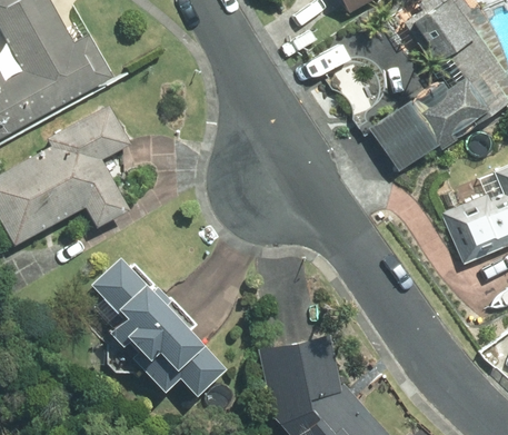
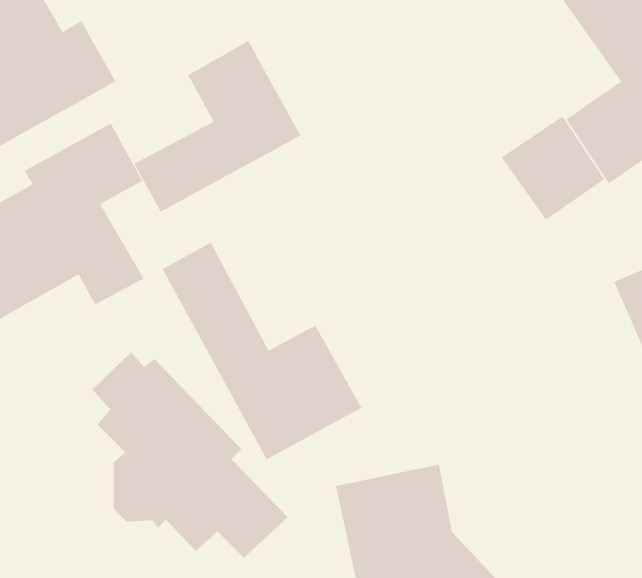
building: none -> [133,40,301,213]
building: none -> [162,242,362,460]

